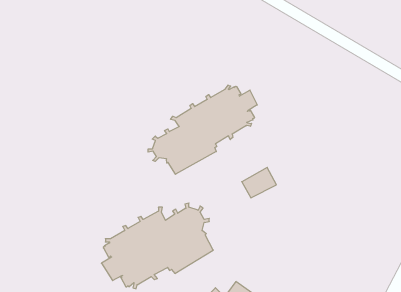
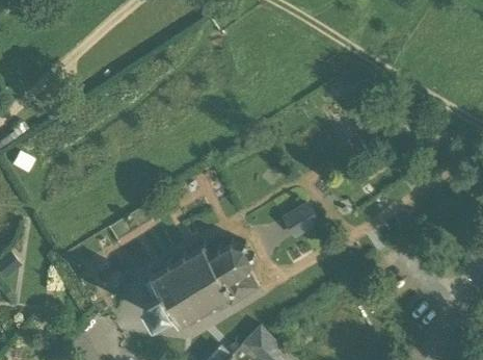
building: [148,85,257,174] -> none

